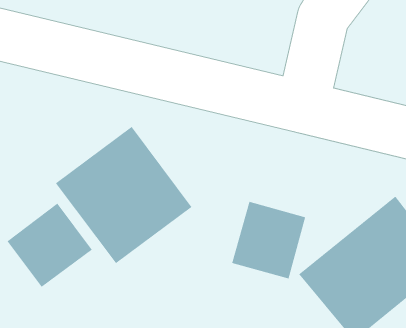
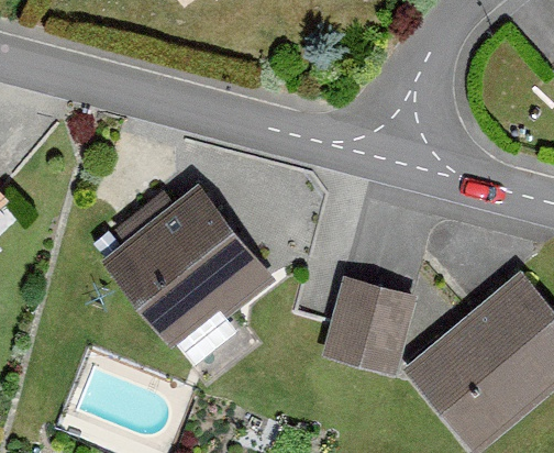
building: [6,203,93,288] -> none

